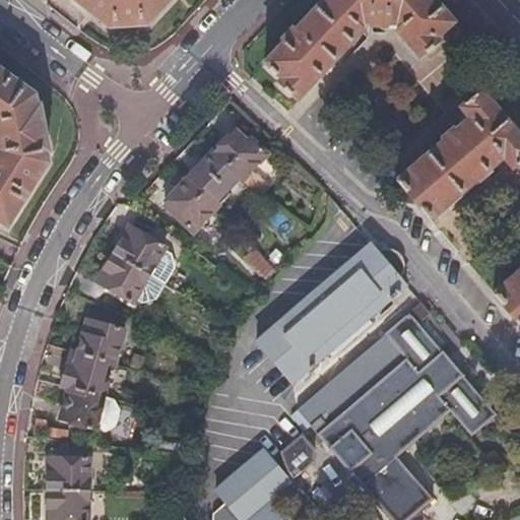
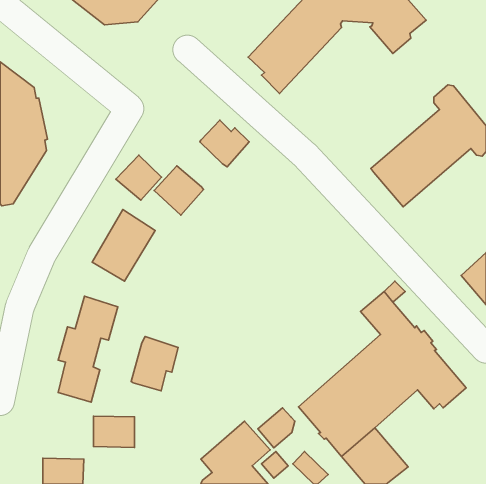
building: [189,151,238,199] -> [116,155,162,200]
building: [258,242,408,384] -> none
building: [297,332,406,434] -> none
building: none -> [131,336,178,391]
building: [46,456,89,490] -> [93,416,134,447]

